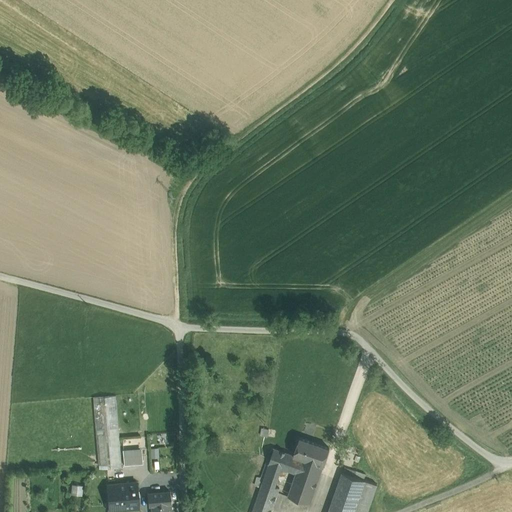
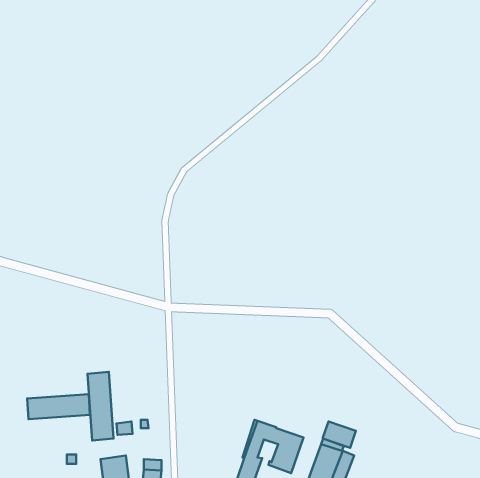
building: none -> [27,394,90,419]
building: [294,440,329,468] -> [323,422,356,448]

